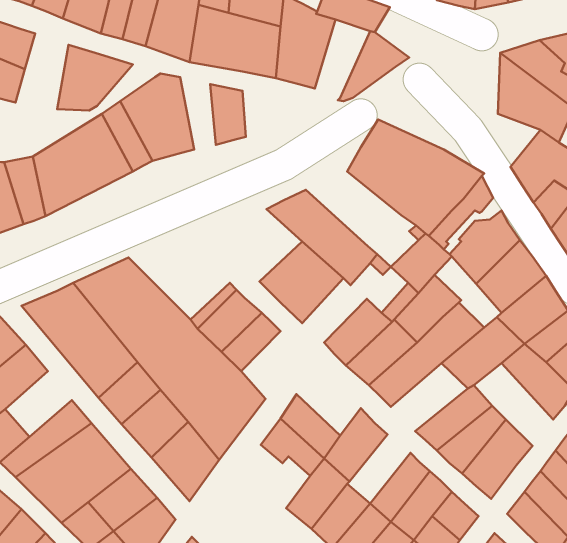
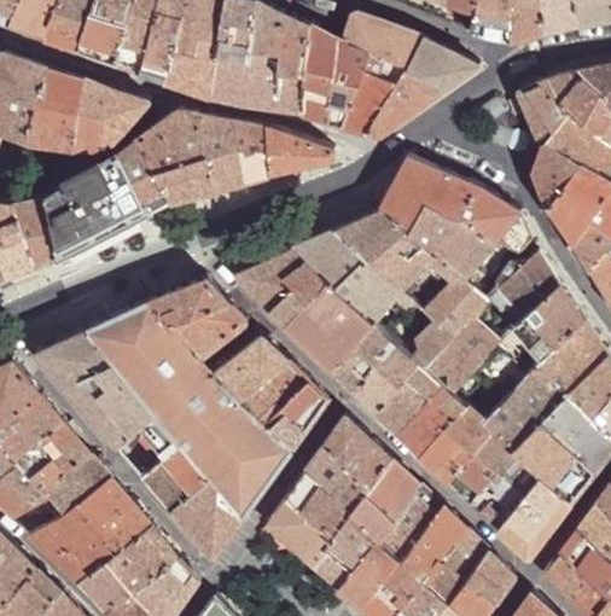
building: none -> [407,40,482,93]
building: none -> [343,53,402,135]
building: none -> [30,68,86,147]
building: none -> [203,114,240,190]
building: none -> [268,128,336,176]
building: none -> [535,152,581,208]
building: none -> [334,213,435,291]
building: none -> [238,252,331,329]
building: none -> [149,280,248,362]
building: none -> [331,325,398,393]
building: none -> [267,380,328,452]
building: none -> [424,414,505,486]
building: none -> [511,414,594,501]
building: none -> [325,419,392,490]
building: none -> [19,423,89,492]
building: none -> [378,489,444,562]
building: none -> [267,500,339,566]

